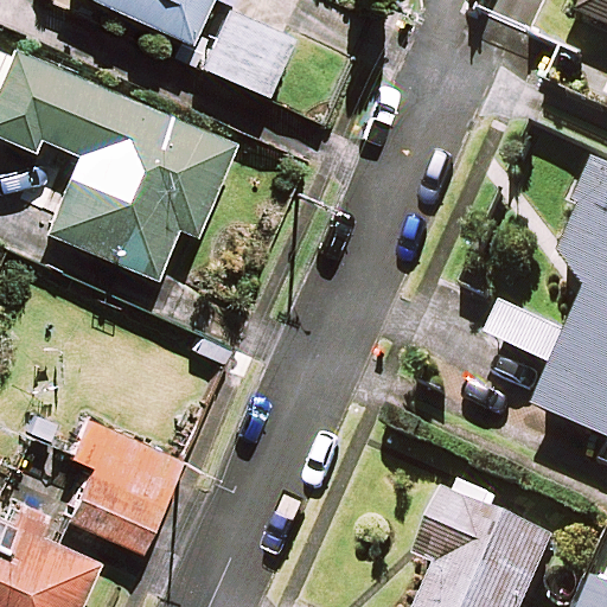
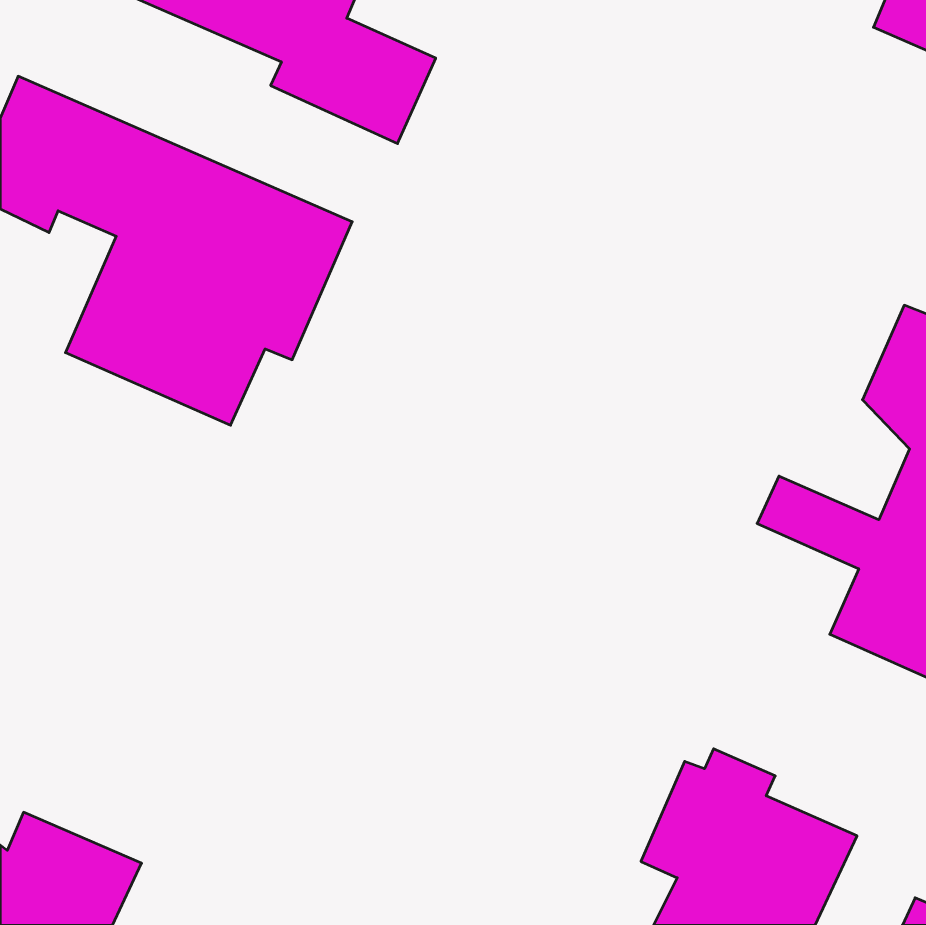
building: [62,415,179,550] -> none

